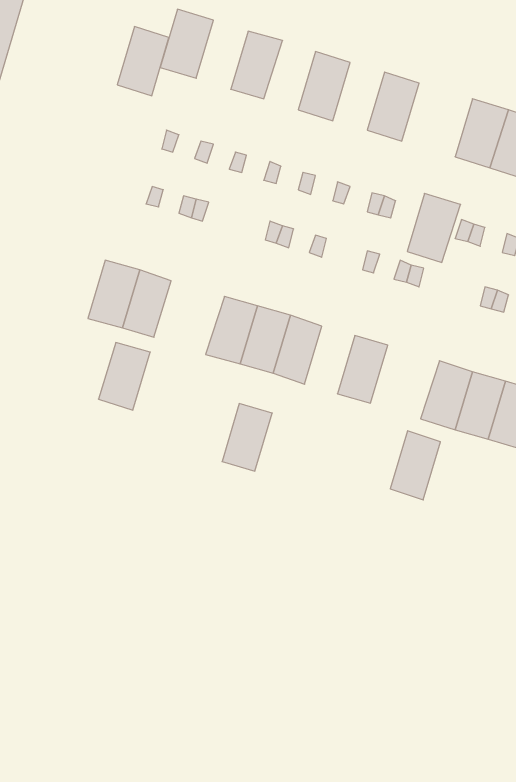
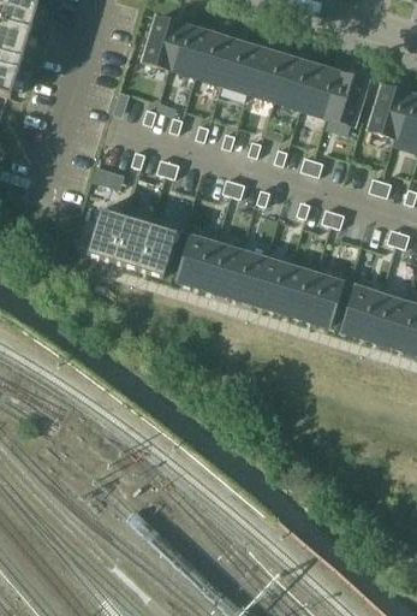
building: [117,27,169,96] -> [169,24,209,77]
building: none -> [221,40,261,93]
building: none -> [274,57,314,108]
building: [407,193,461,262] -> [327,72,368,125]
building: [98,343,150,410] -> [137,224,177,276]
building: [222,404,272,471] -> [252,259,291,310]
building: [390,431,440,500] -> [303,273,341,326]

